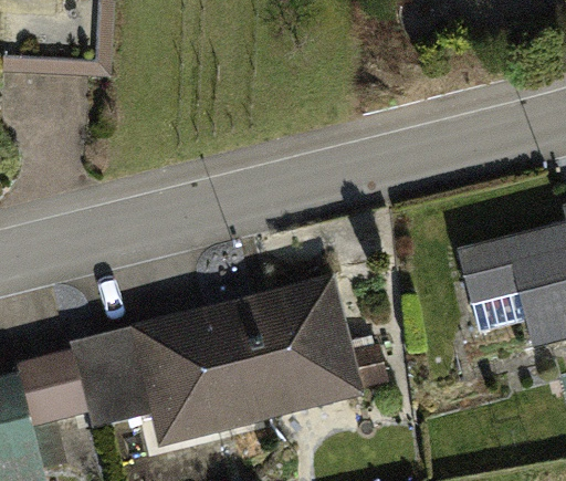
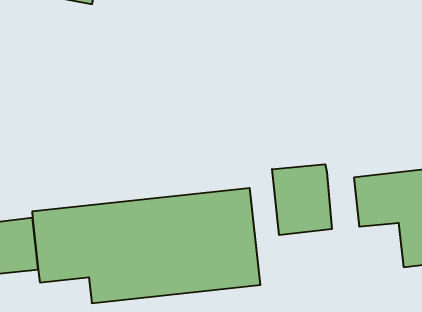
building: none -> [272,164,332,235]

